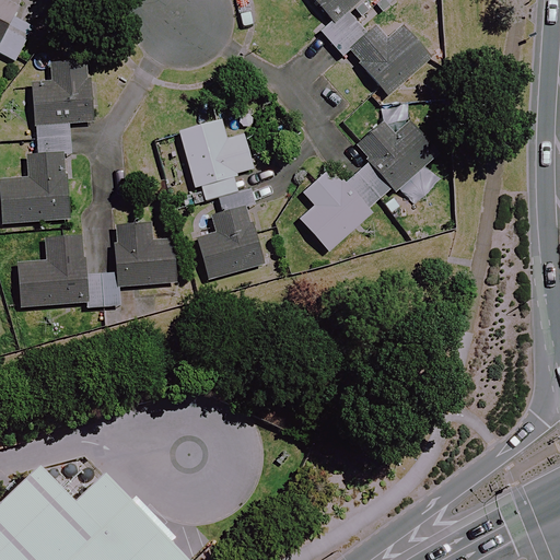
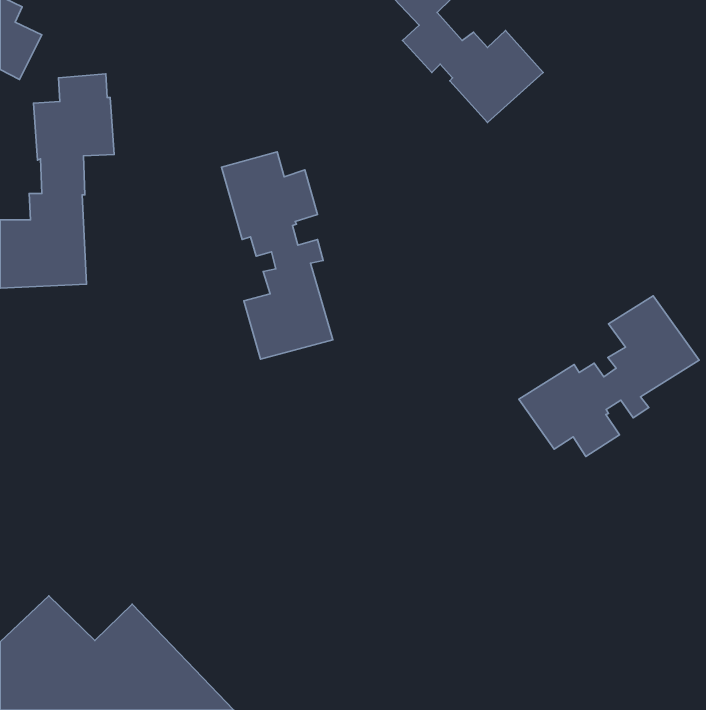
building: [295,118,439,252] -> none
building: [14,221,179,310] -> none
building: none -> [519,296,699,457]

